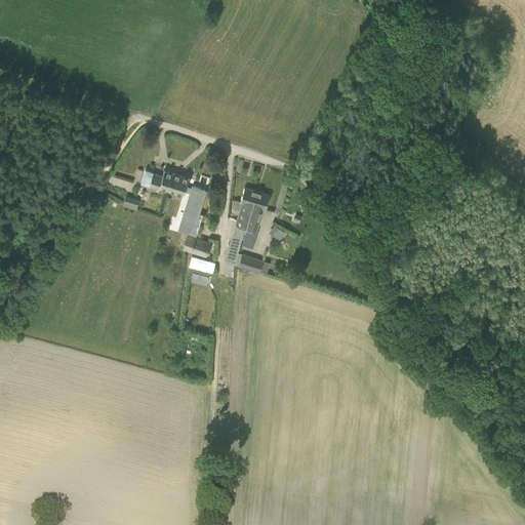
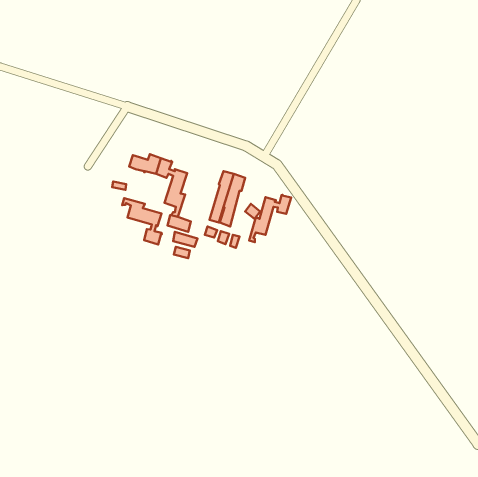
building: none -> [249,195,291,242]
building: none -> [122,198,162,245]

